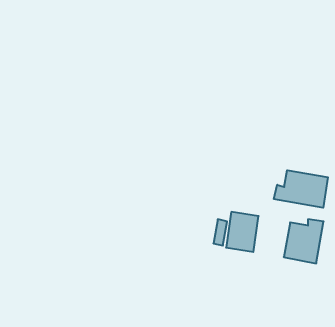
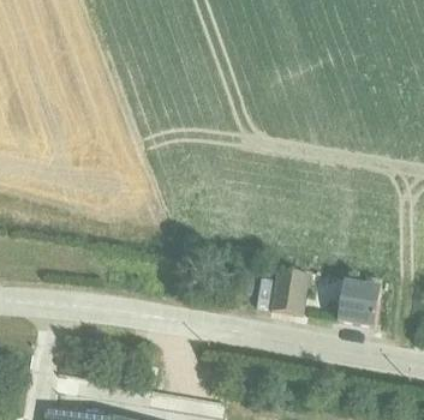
building: [274,170,328,208] -> none

